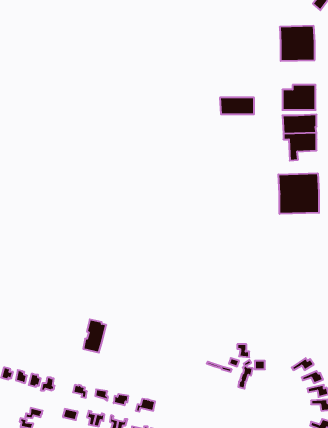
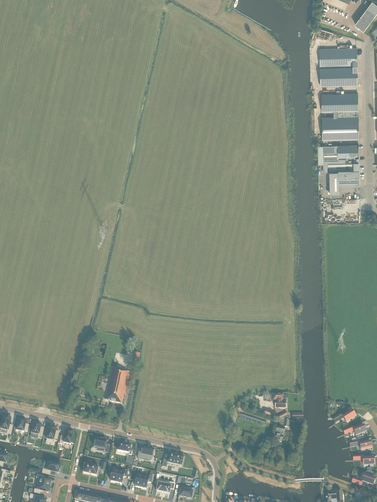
building: [220,98,254,114] -> [320,93,357,111]
building: [278,173,319,214] -> none

